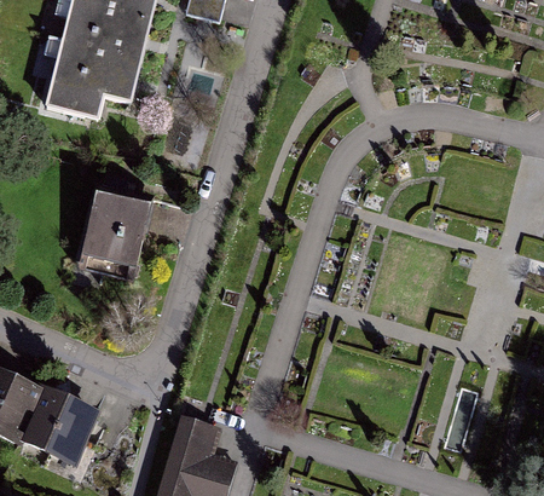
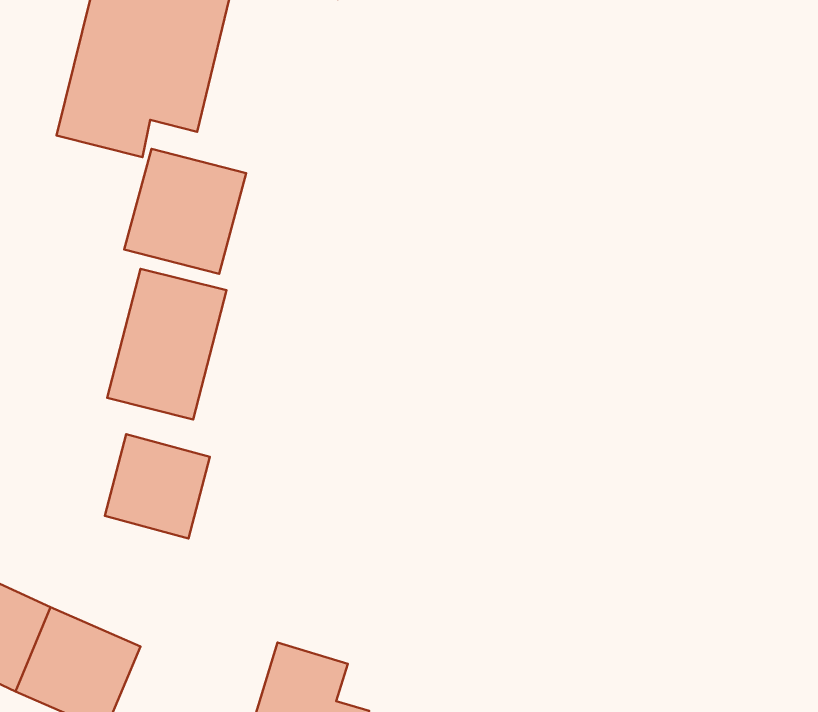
building: none -> [124,149,246,274]
building: none -> [105,434,210,539]

